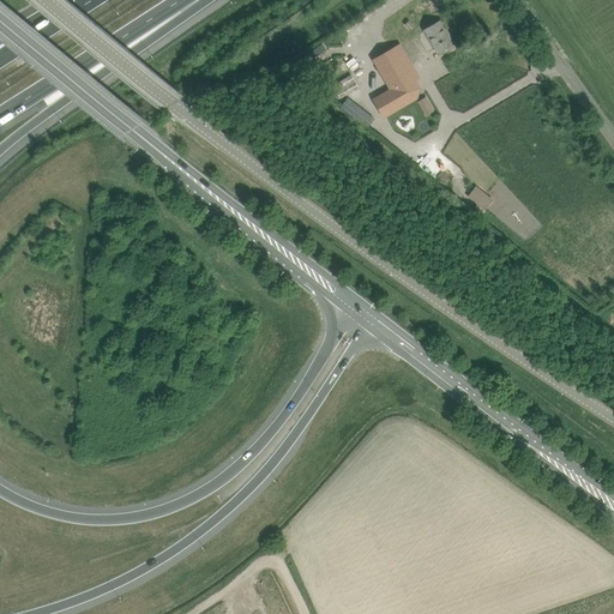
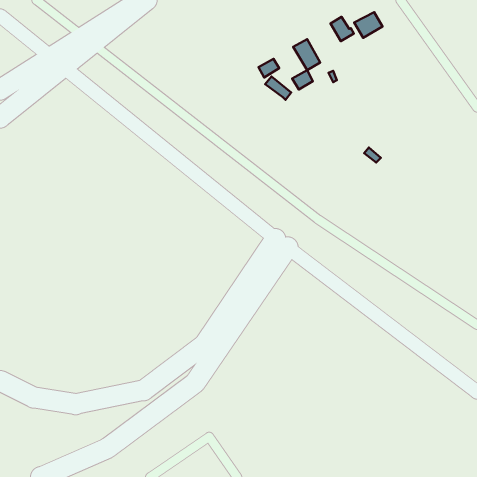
building: none -> [354,12,382,38]

